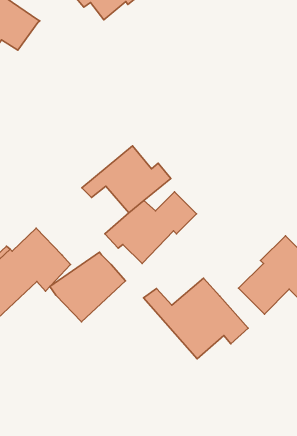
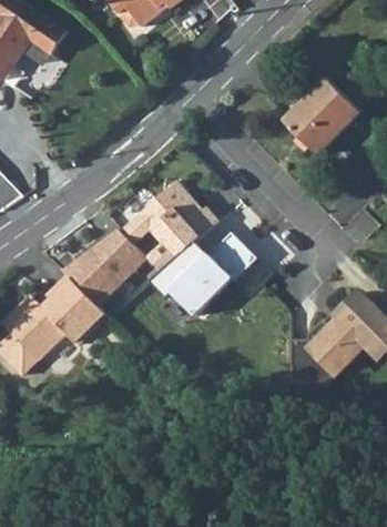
building: none -> [279,75,356,153]
building: [50,252,125,322] -> [59,226,146,307]
building: [143,278,248,359] -> none

